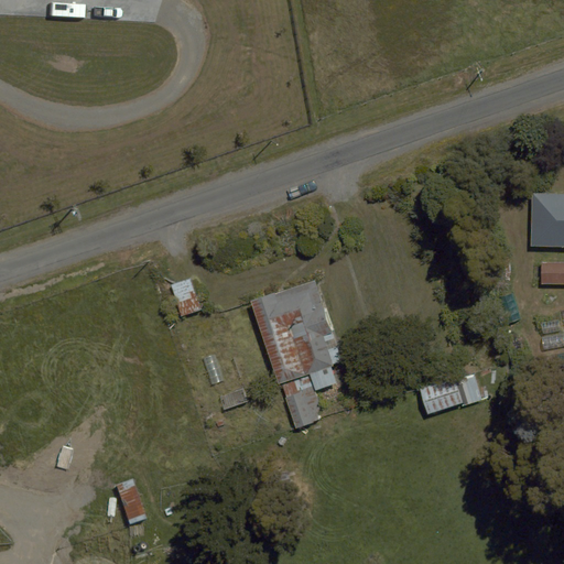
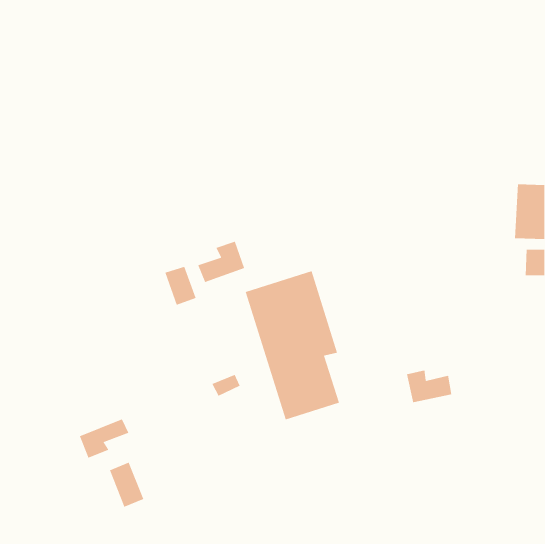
building: none -> [197,241,245,283]
building: none -> [79,419,129,459]

